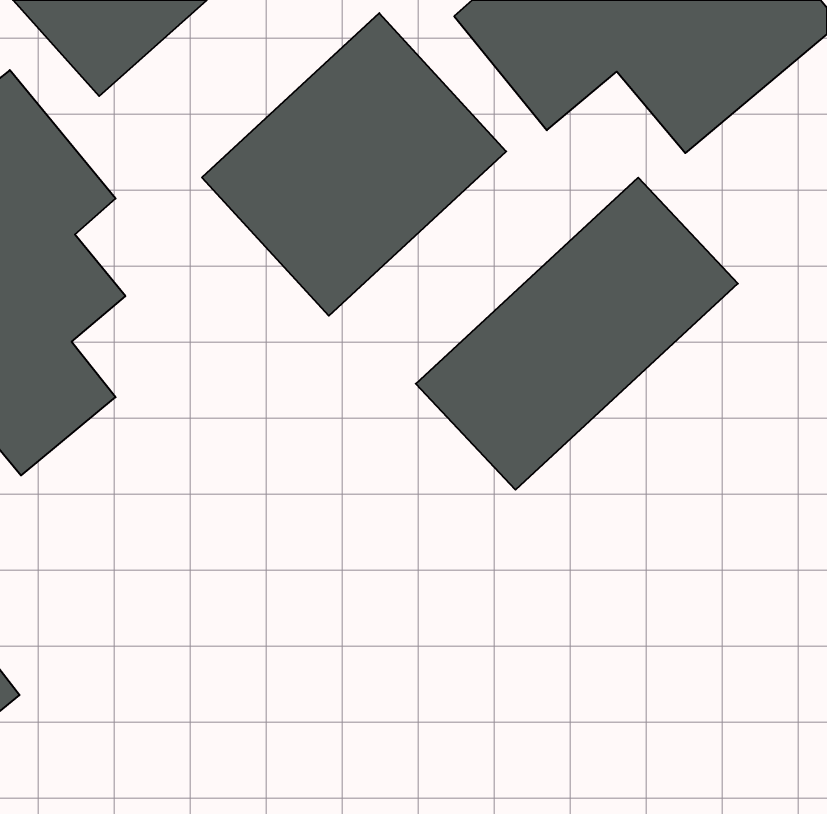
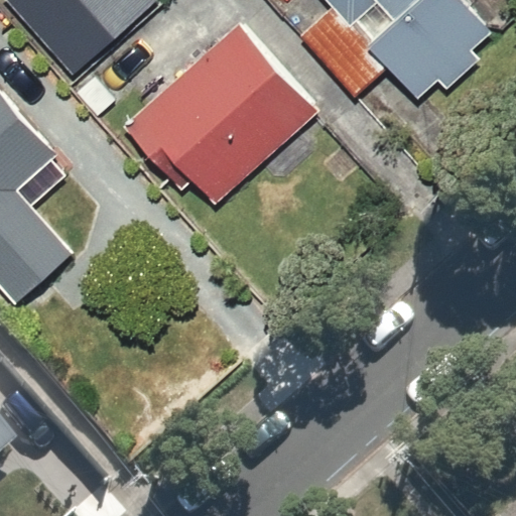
building: [416,178,738,490] -> none

